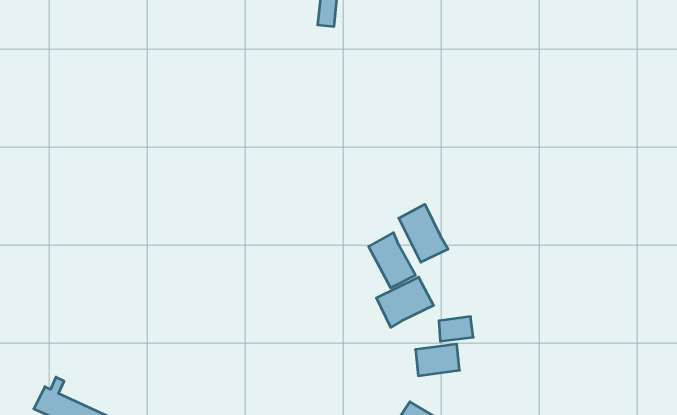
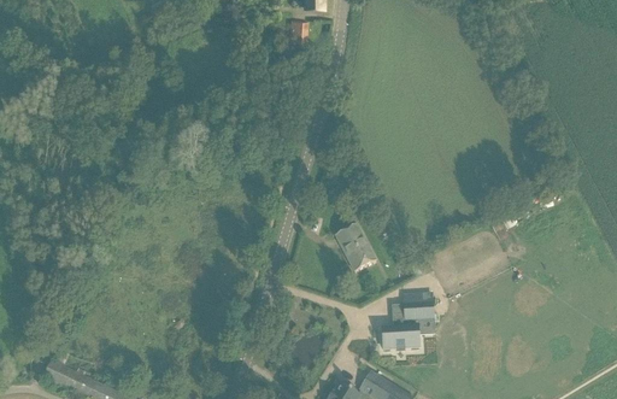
building: [399,204,448,262] -> none
building: [376,277,434,327] -> none

